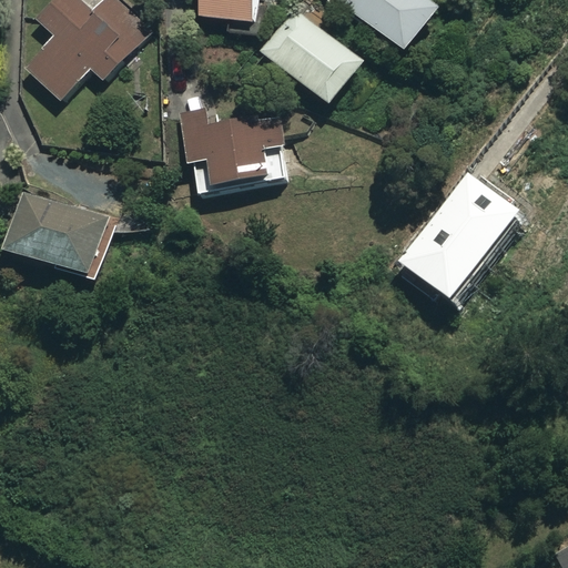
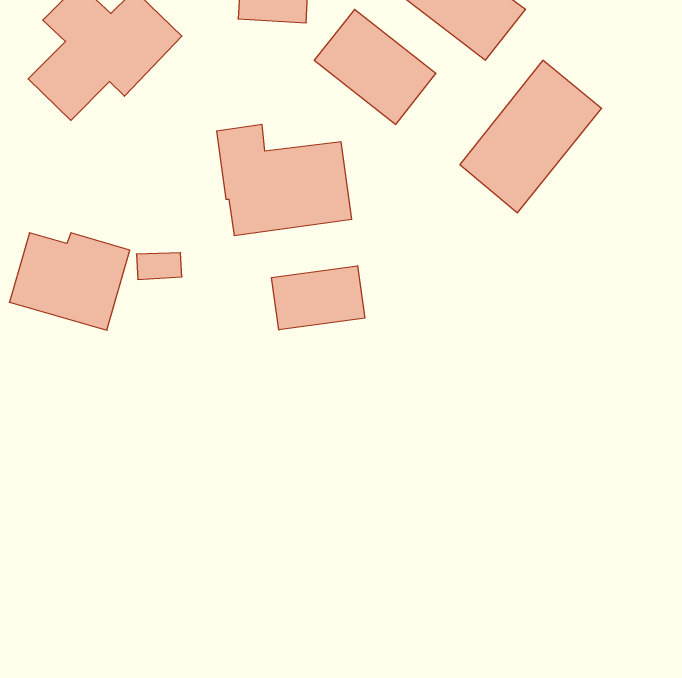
building: [399,173,517,300] -> [460,60,602,213]
building: none -> [272,266,365,330]

